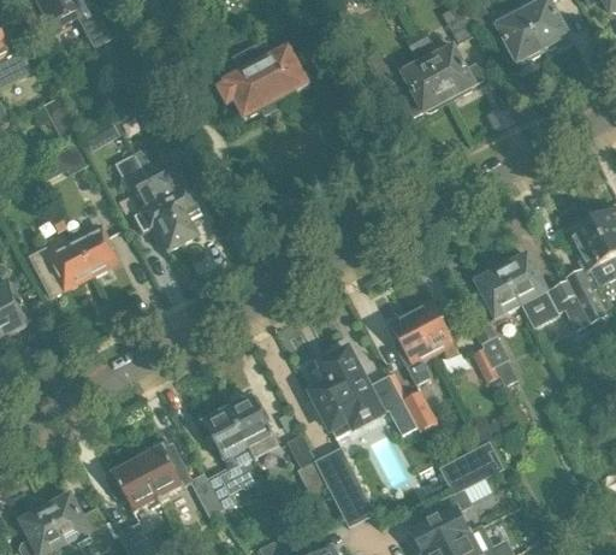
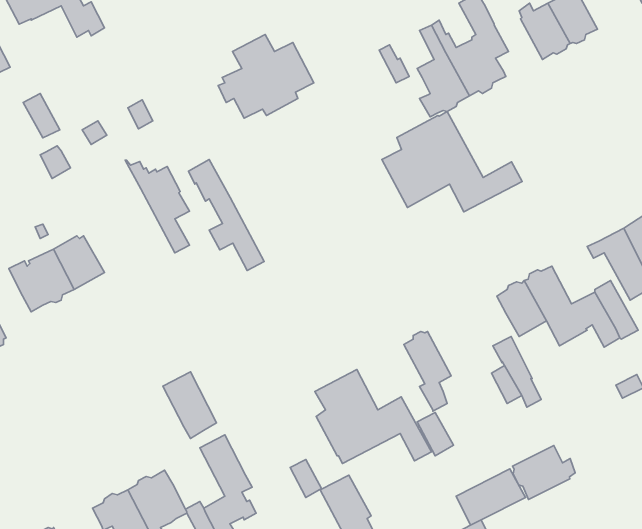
building: none -> [382,112,522,212]
building: [111,148,180,250] -> [188,159,264,271]
building: [413,303,462,362] -> none
building: [226,396,276,457] -> [163,372,217,438]
building: none -> [513,446,575,499]

